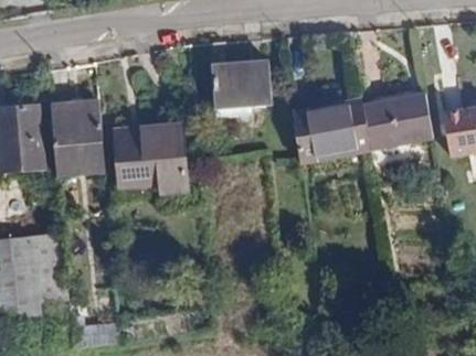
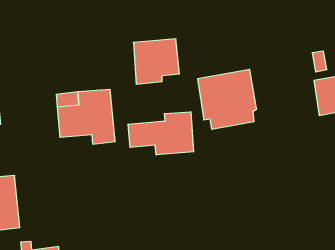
building: [362,93,432,148] -> none
building: [51,100,105,176] -> none
building: none -> [128,112,193,155]

